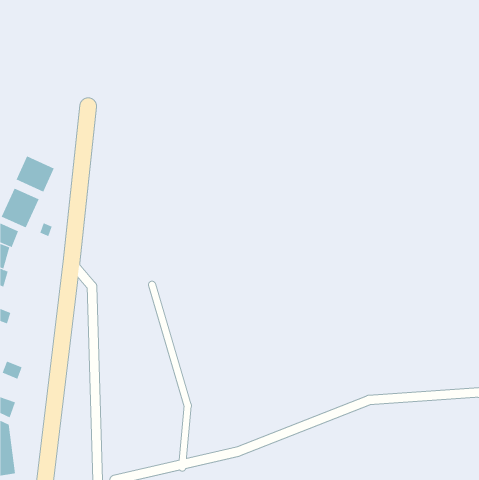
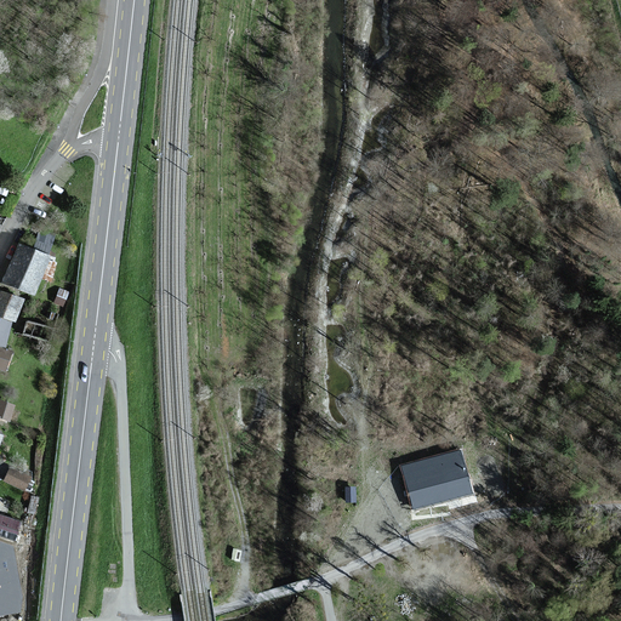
building: [16,156,55,193] -> none
building: none -> [403,452,469,506]

